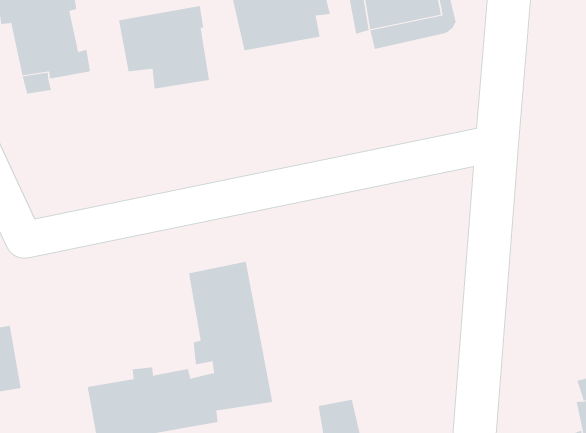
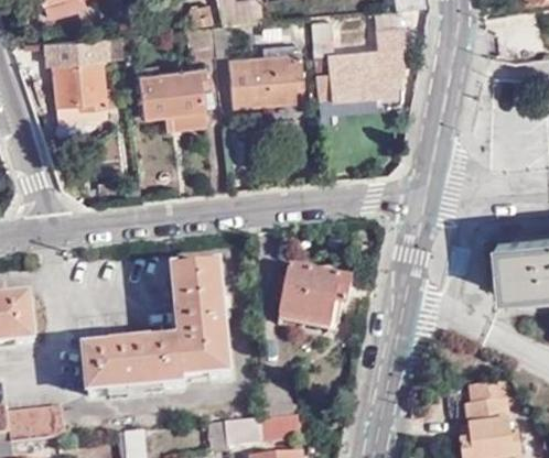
building: none -> [280,269,351,327]

